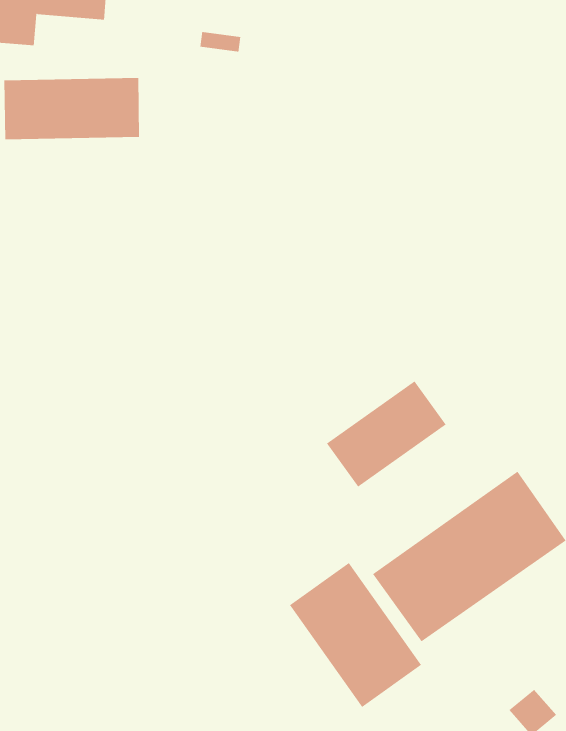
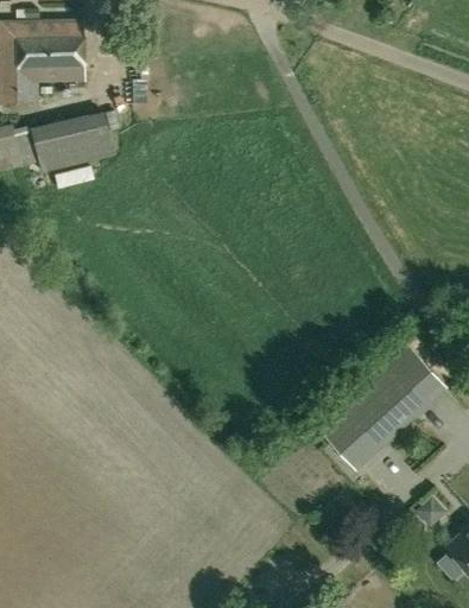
building: [326,380,446,488] -> none
building: [289,562,422,708] -> none

